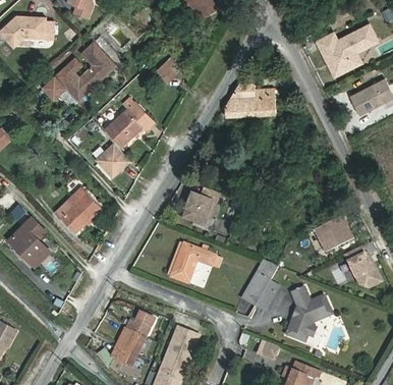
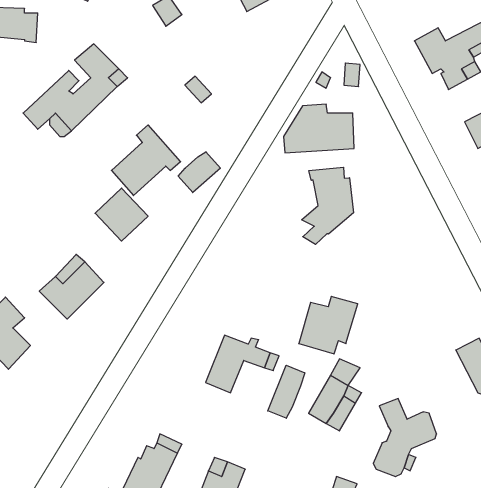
building: none -> [178,152,220,193]
building: none -> [302,167,353,244]
building: [177,186,218,226] -> [299,296,358,354]
building: [314,215,352,252] -> none
building: none -> [268,365,305,418]

